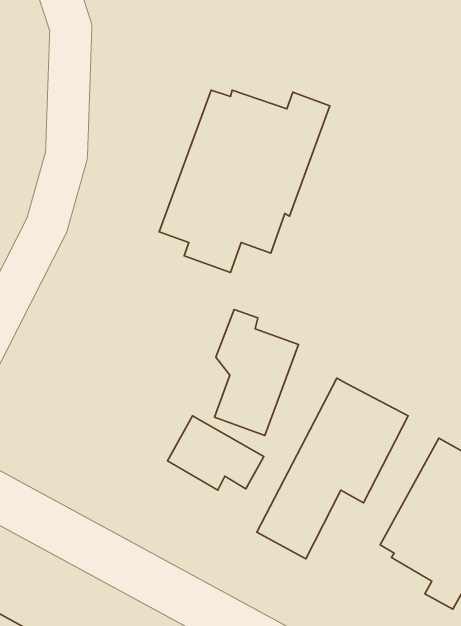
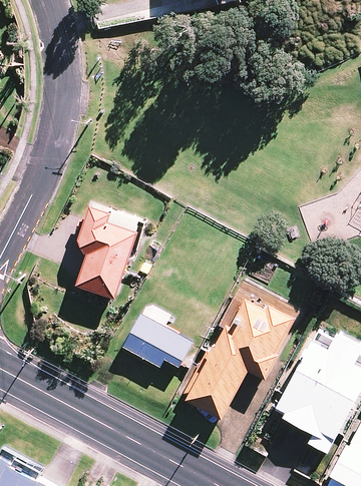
building: [159,90,330,272] -> none
building: [214,309,298,435] -> [77,207,137,298]

